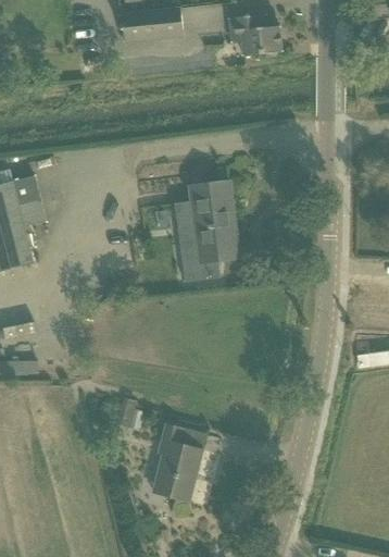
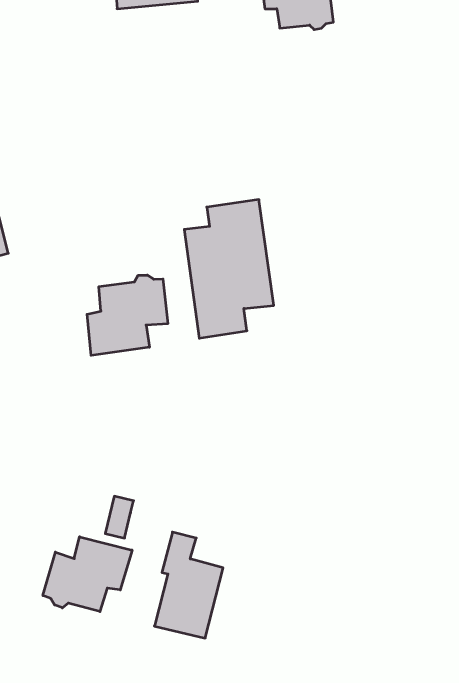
building: none -> [87,275,168,355]
building: none -> [43,537,132,612]

